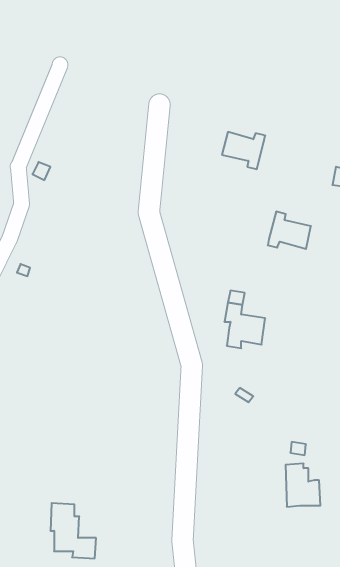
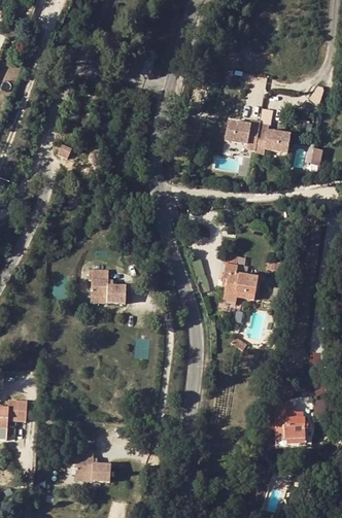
building: [268,212,311,249] -> [249,126,286,158]
building: none -> [89,270,125,303]

